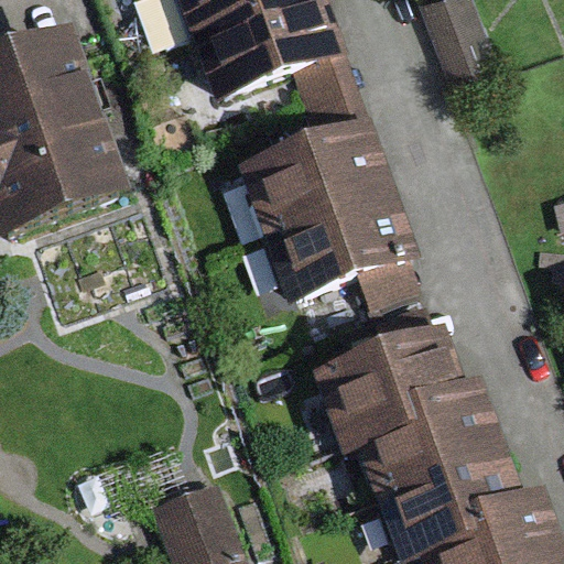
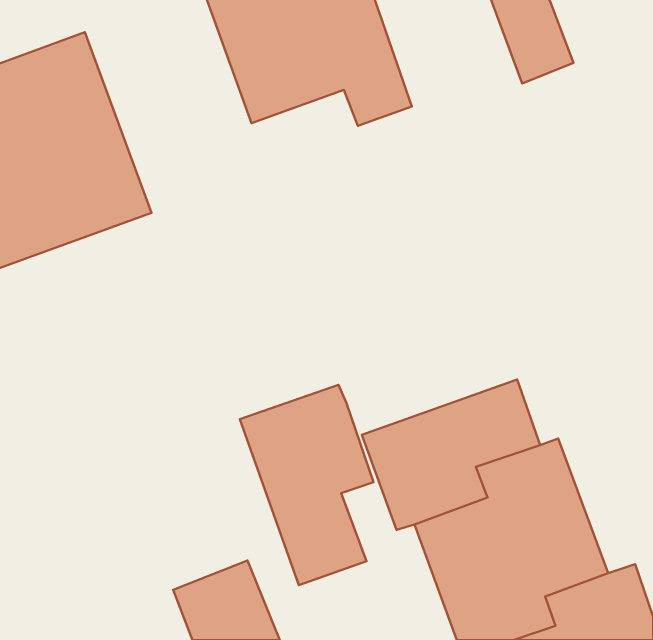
building: [238,91,422,303] -> none
building: none -> [240,385,374,585]

